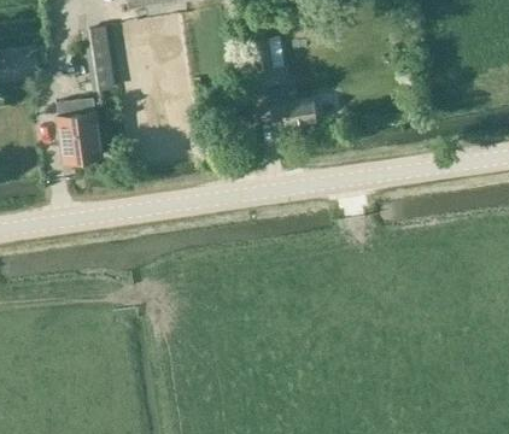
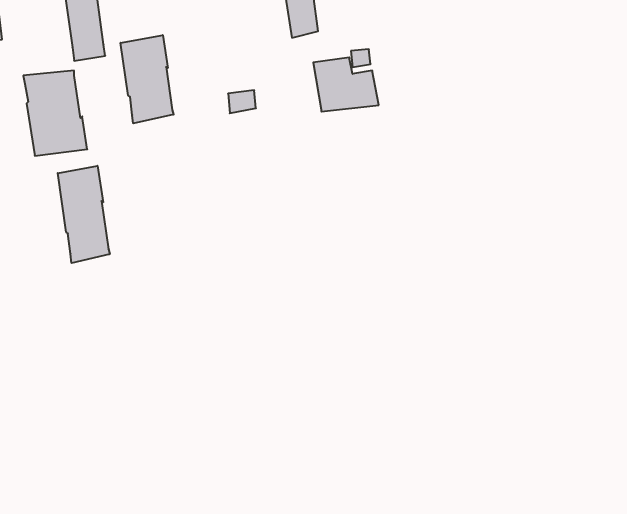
building: none -> [121,35,174,123]
building: none -> [58,166,110,263]

